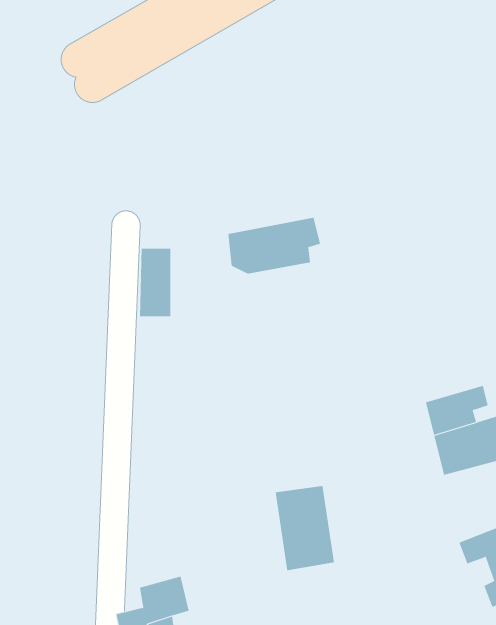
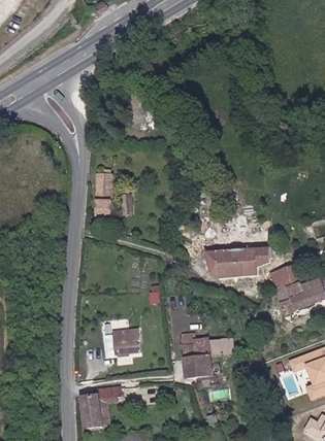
building: [227,217,321,274] -> [204,247,262,282]
building: none -> [102,326,135,351]

